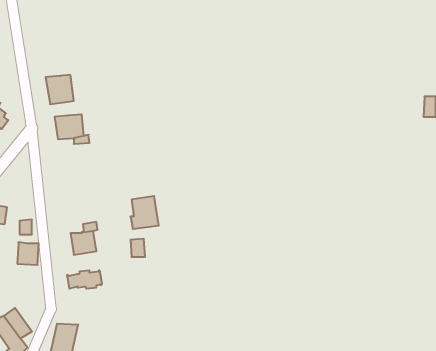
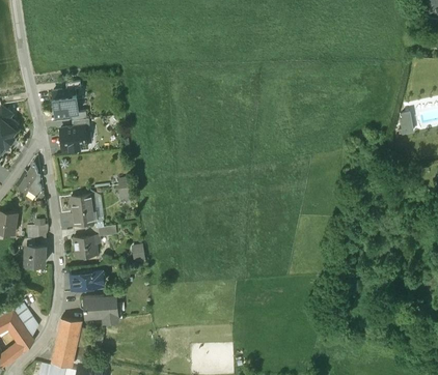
building: none -> [15,165,42,198]
building: [130,196,159,229] -> [70,194,95,224]
building: none -> [83,297,117,323]

